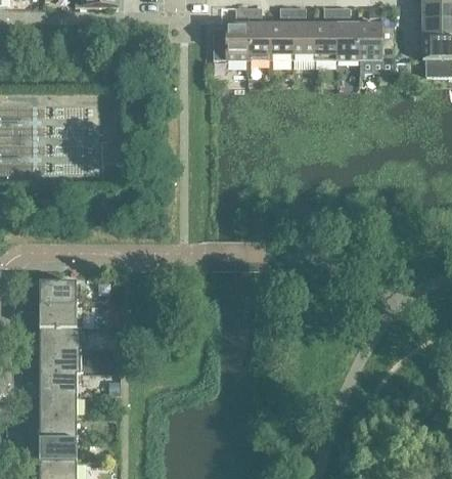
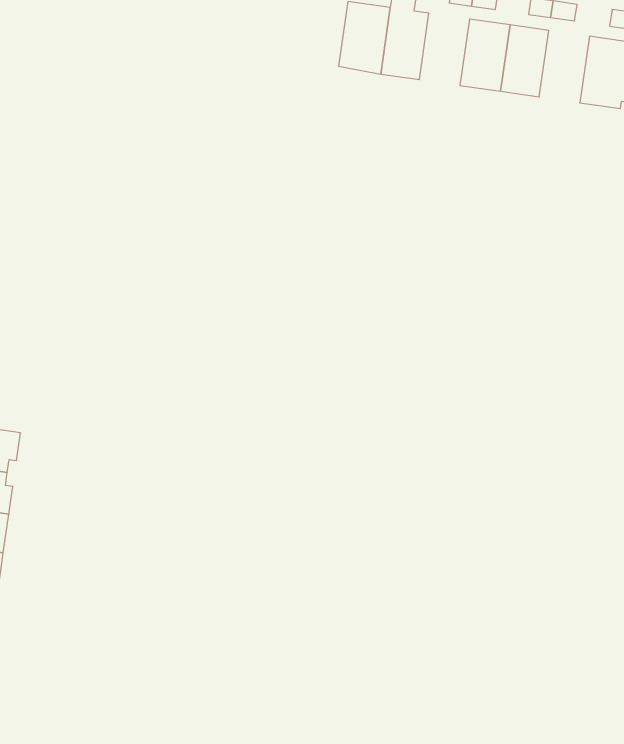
building: [270,23,292,59] -> none
building: [336,23,359,59] -> none

